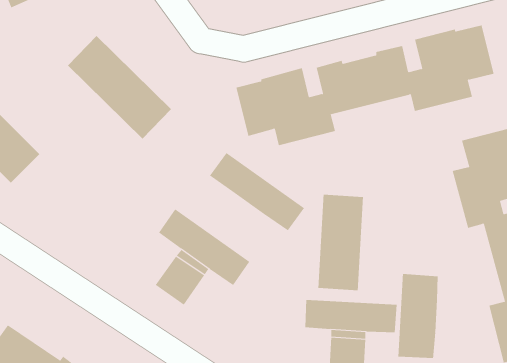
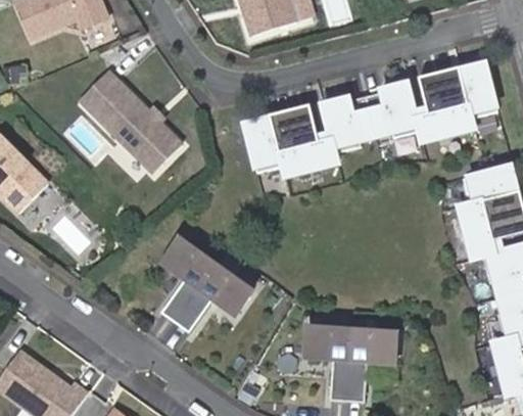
building: [209,152,305,231] -> none
building: [318,194,363,291] -> none
building: [398,273,438,359] -> none

